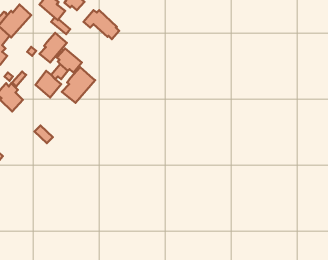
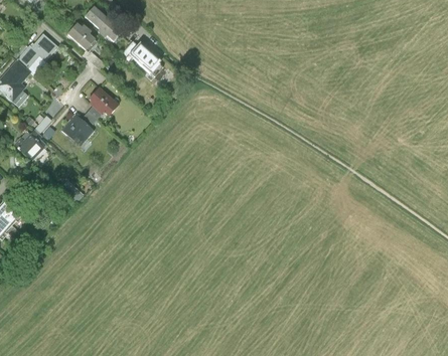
building: [40,33,67,62] -> none
building: [62,67,95,103] -> none

